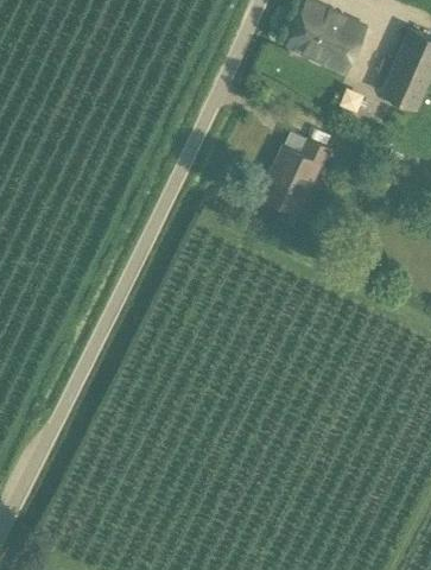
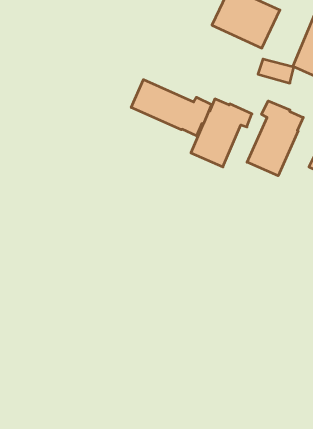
building: none -> [131,80,212,136]
building: none -> [247,101,303,176]

